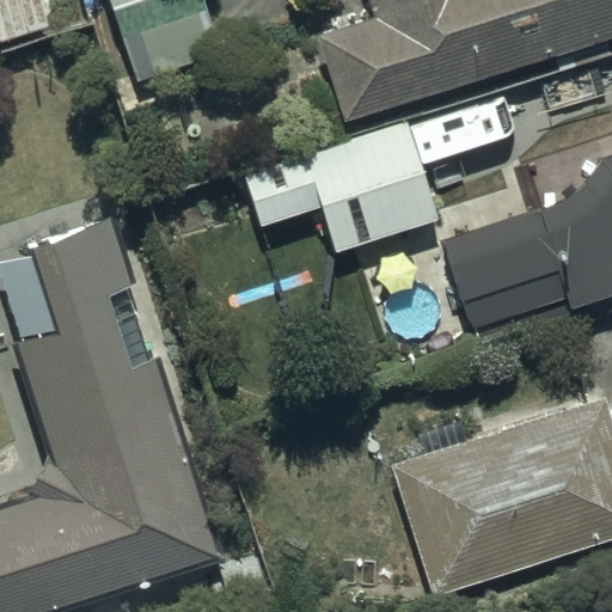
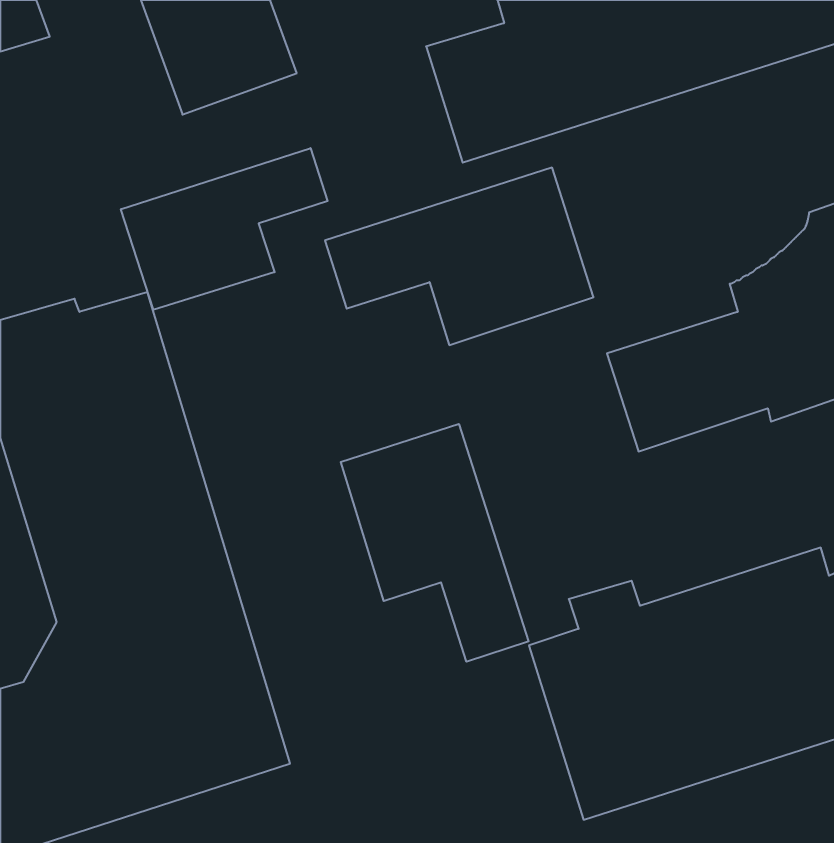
building: none -> [121,148,328,310]
building: none -> [341,424,529,662]

